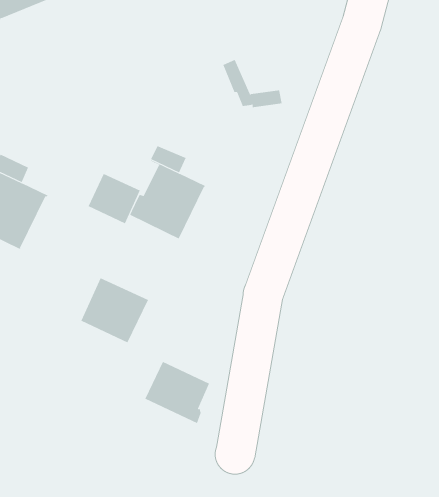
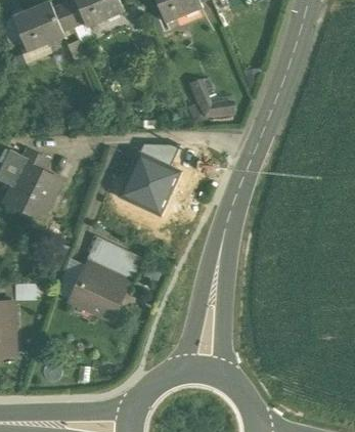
building: [88,173,140,224] -> none
building: [144,361,210,424] -> [72,272,120,318]

